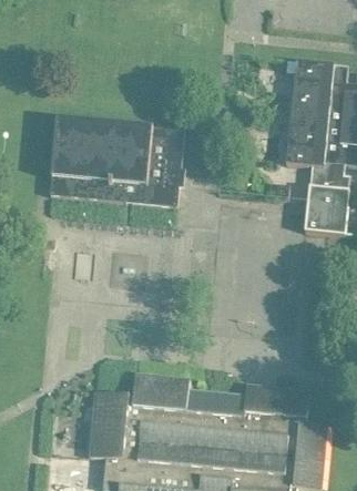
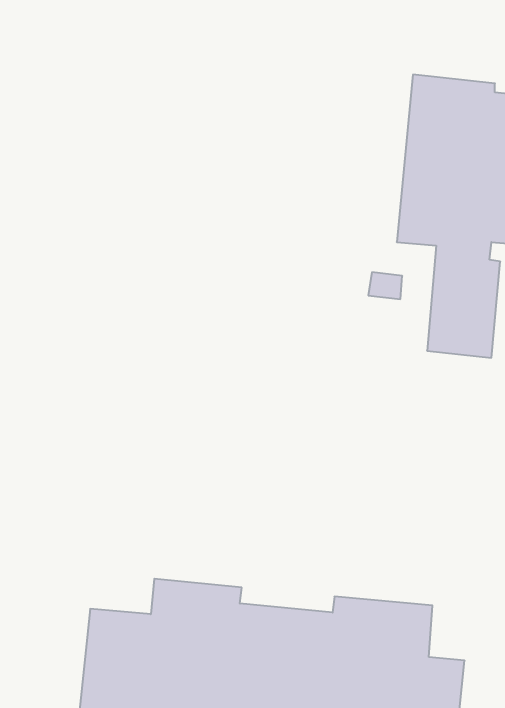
building: [48,120,183,208] -> none

